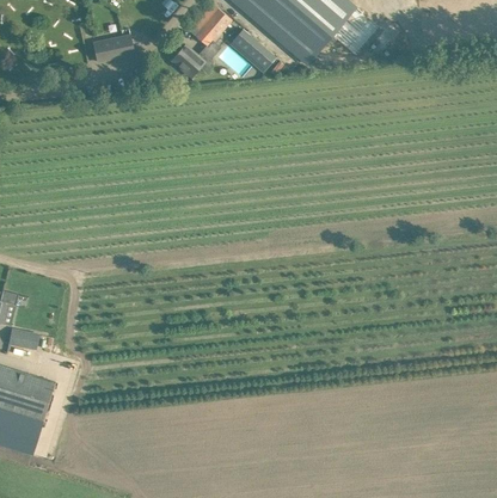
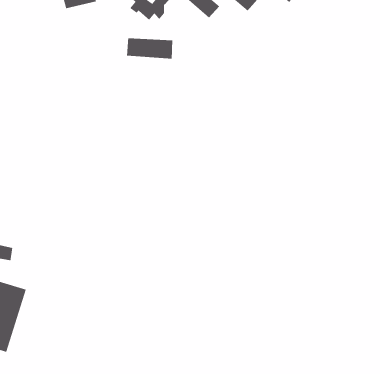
building: none -> [126,37,173,59]

